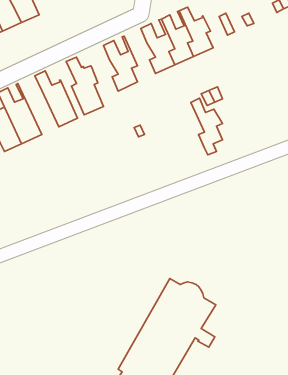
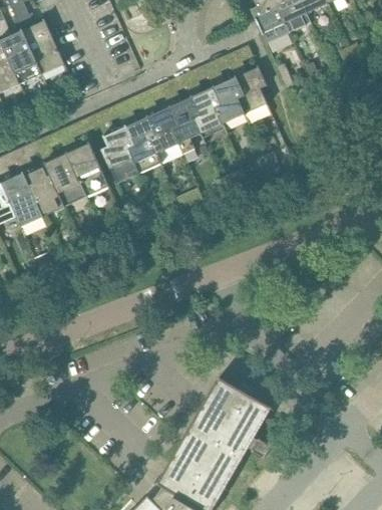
building: none -> [117,105,160,174]
building: none -> [38,142,86,207]
building: [191,98,222,155] -> [163,85,201,153]

